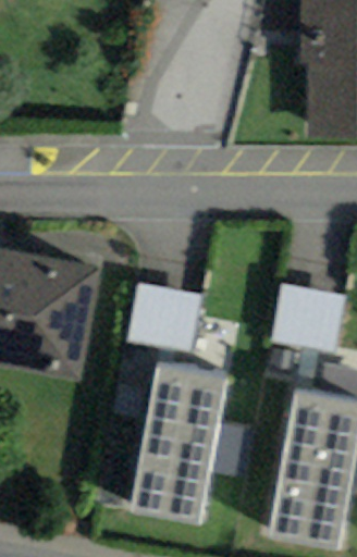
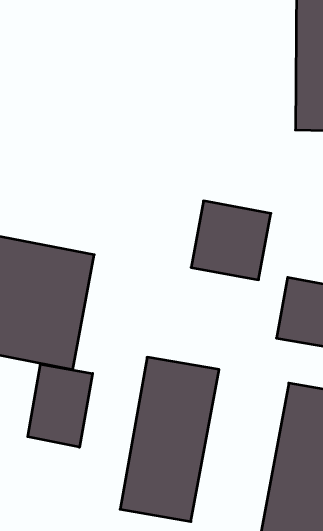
building: [133,282,210,358] -> [191,201,271,280]
building: none -> [28,364,93,447]

